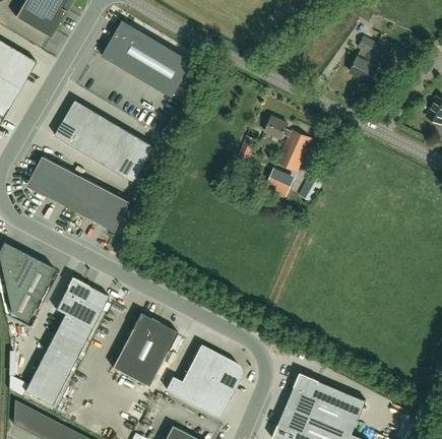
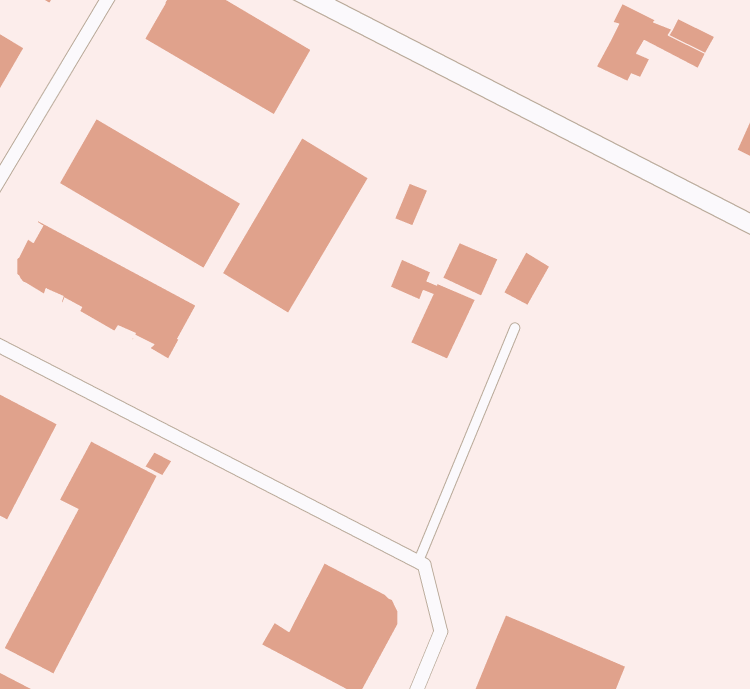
building: none -> [222,138,368,314]
building: [265,118,312,173] -> [390,259,475,359]
building: [112,313,178,387] -> none

